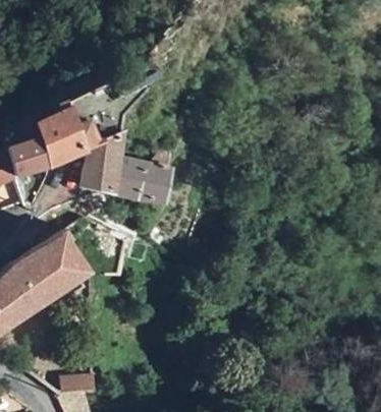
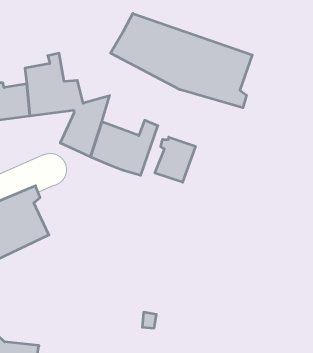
building: none -> [111,13,252,108]
building: none -> [155,137,195,182]

